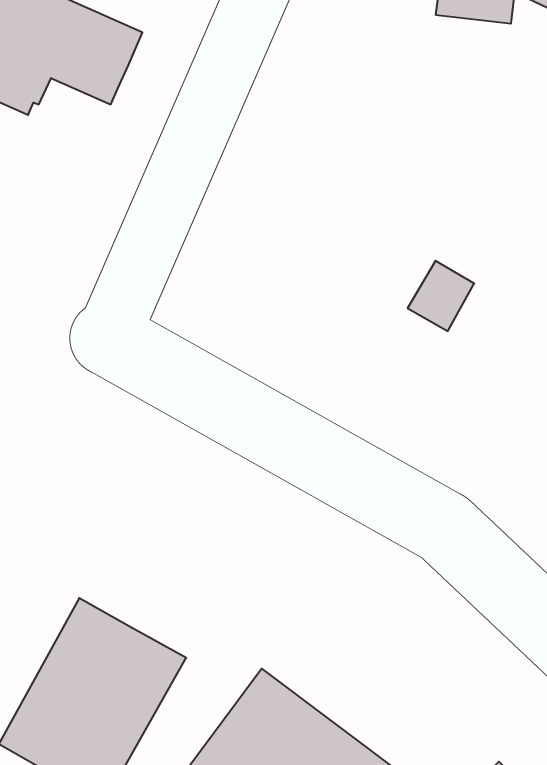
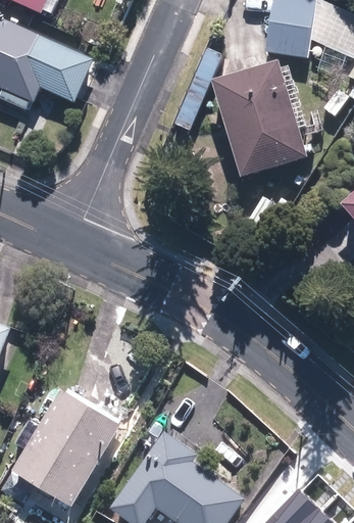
building: none -> [209,60,306,179]

